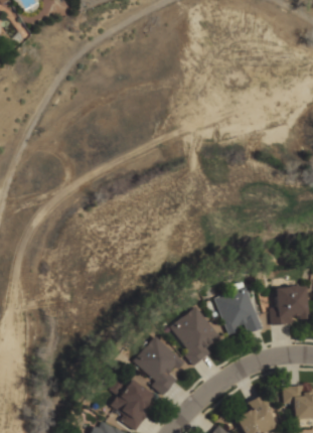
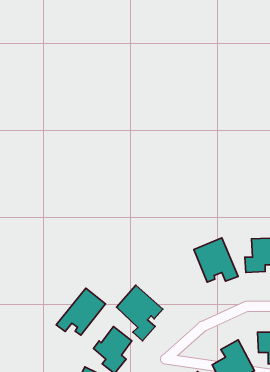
building: [172,307,220,365] -> none
building: none -> [56,288,105,335]

